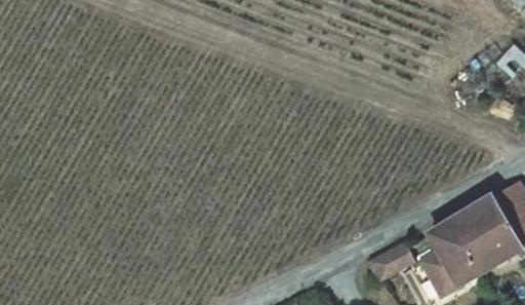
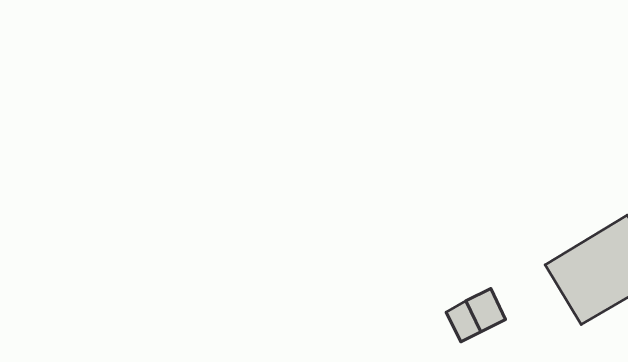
building: [421,221,481,294] -> none

